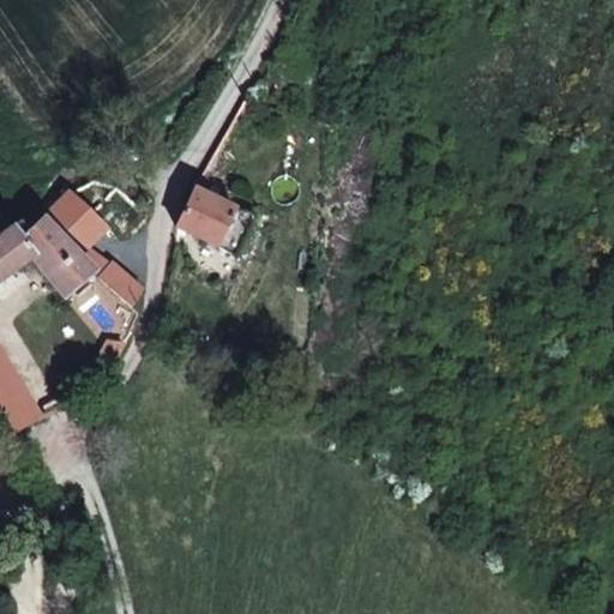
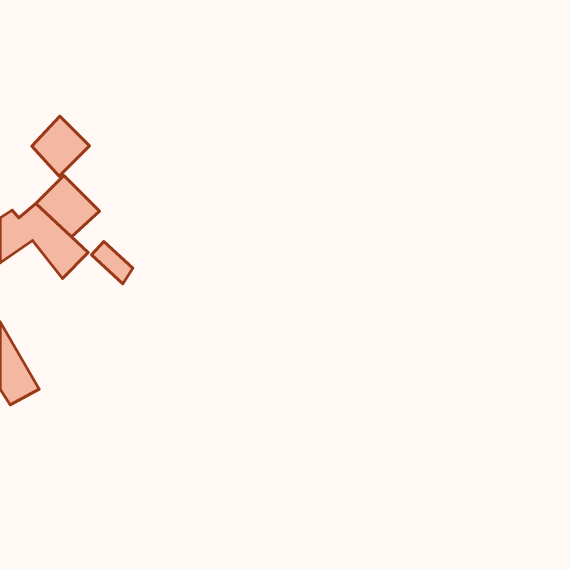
building: none -> [32,116,89,176]
building: [175,187,235,246] -> none

